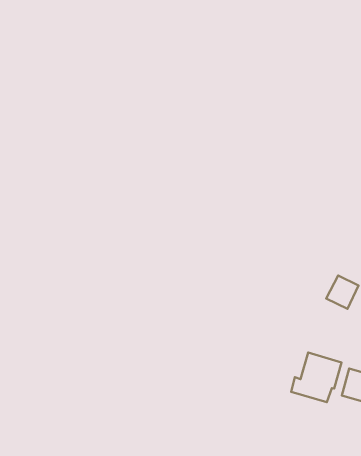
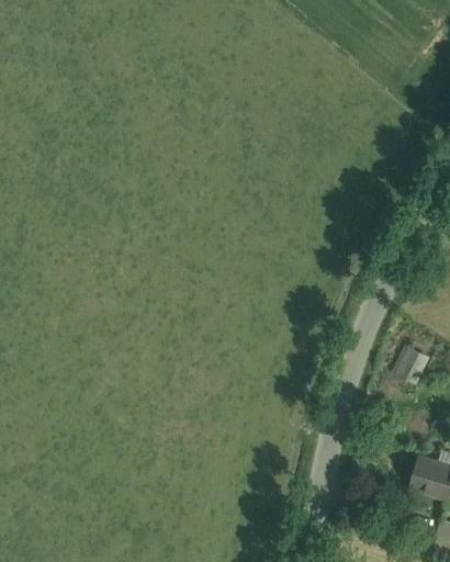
building: [291,353,342,402] -> none

